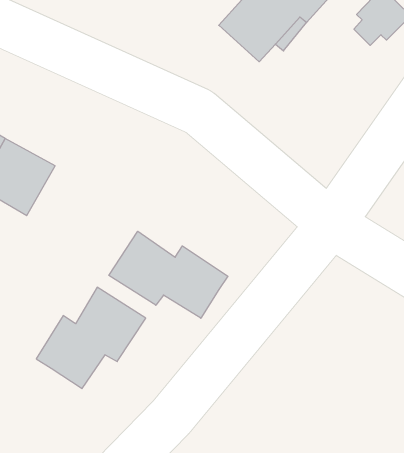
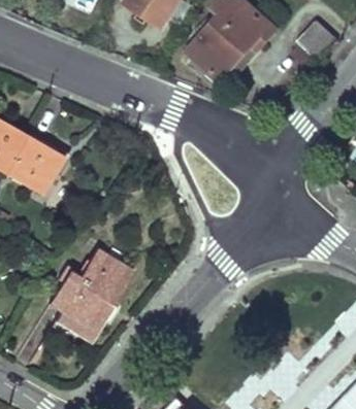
building: [109,231,228,318] -> none
building: none -> [53,301,110,343]

